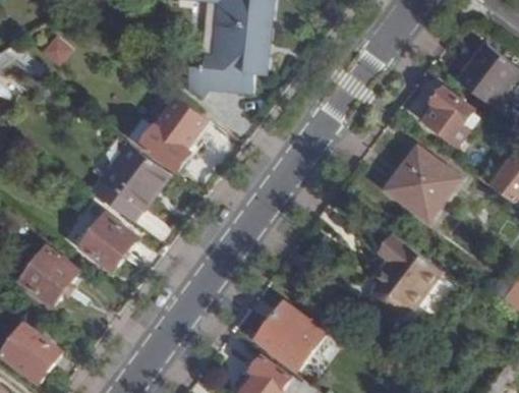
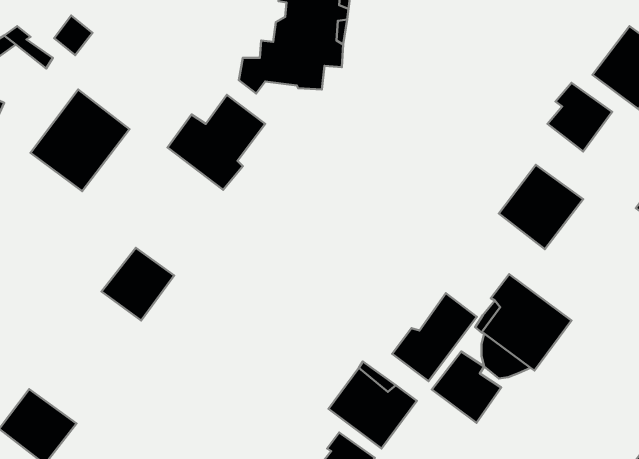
building: [93,144,169,222] -> [31,89,130,191]
building: [22,248,79,304] -> none
building: none -> [392,293,477,381]
building: none -> [432,352,501,423]

